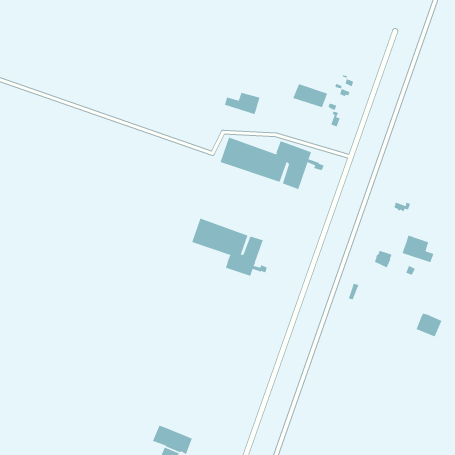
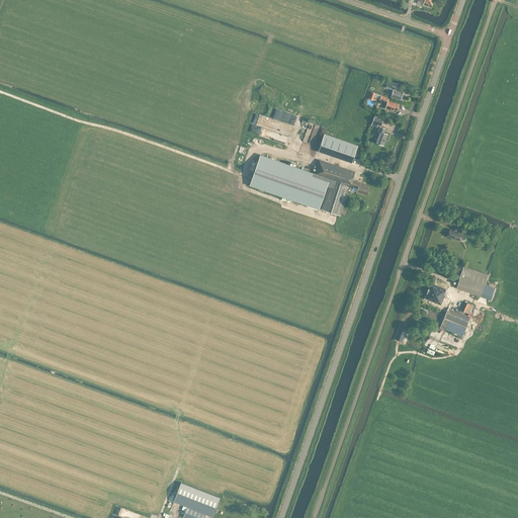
building: [292,83,328,108] -> [317,135,357,163]
building: [191,218,268,277] -> none
building: [416,312,442,337] -> [439,309,469,337]

